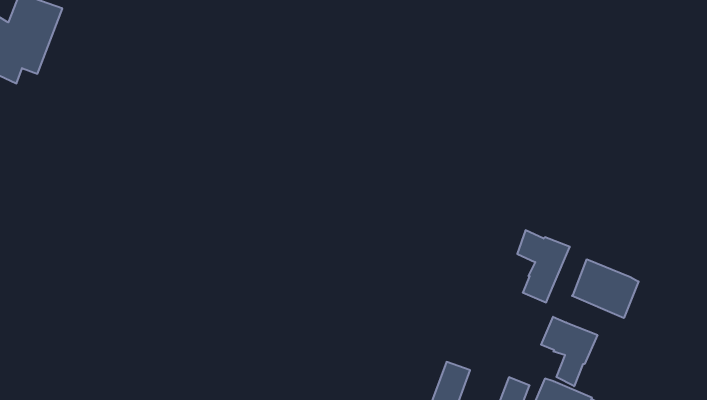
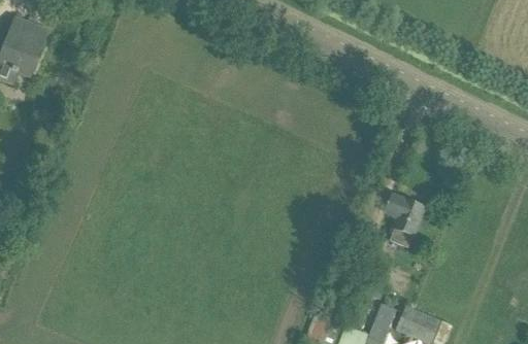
building: [572,259,639,318] -> none
building: [541,317,597,386] -> none

